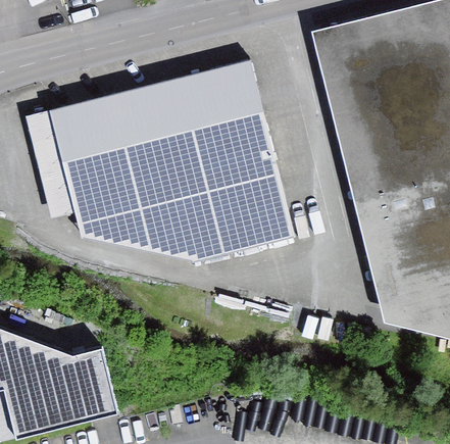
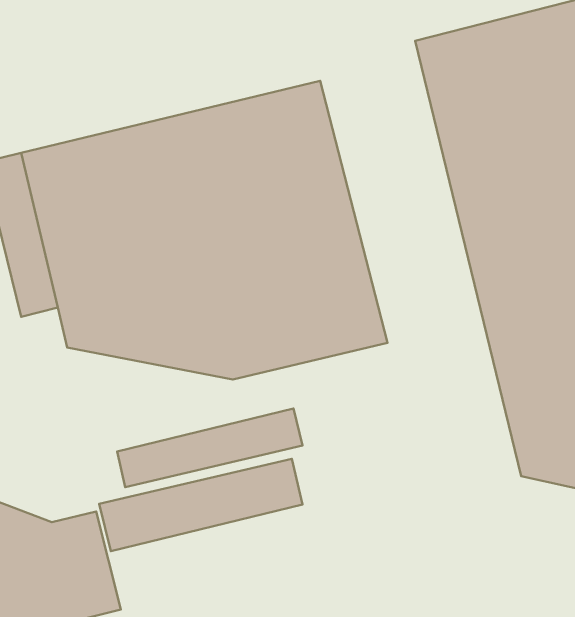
building: none -> [117,409,303,487]
building: none -> [99,459,303,551]

